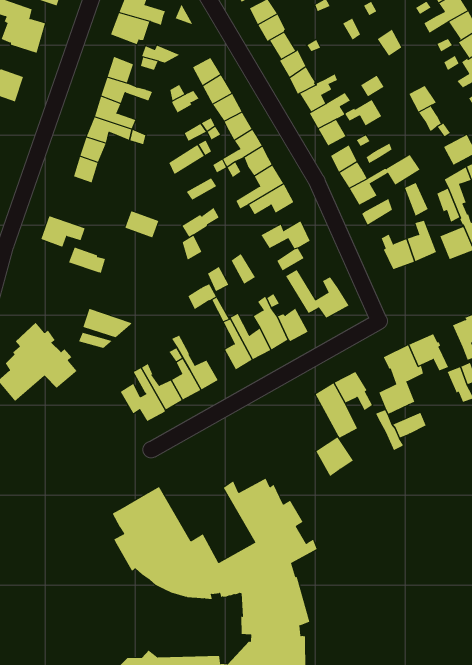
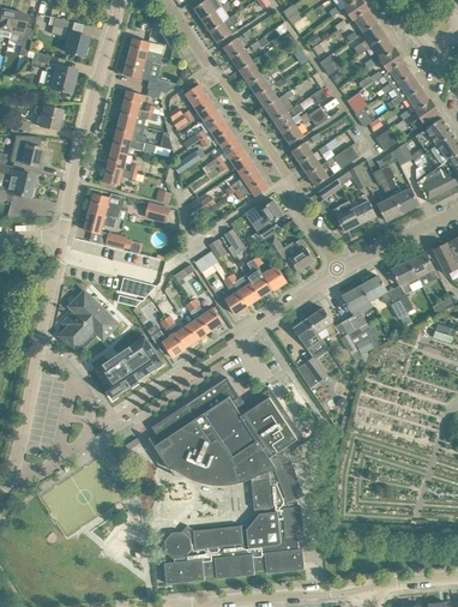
building: none -> [88,193,121,218]
building: none -> [95,337,162,398]
building: none -> [185,377,258,457]

